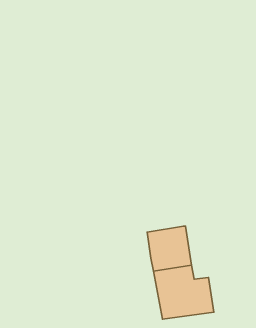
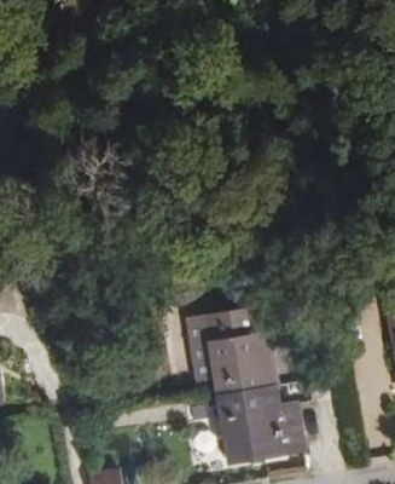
building: none -> [190,309,263,381]

